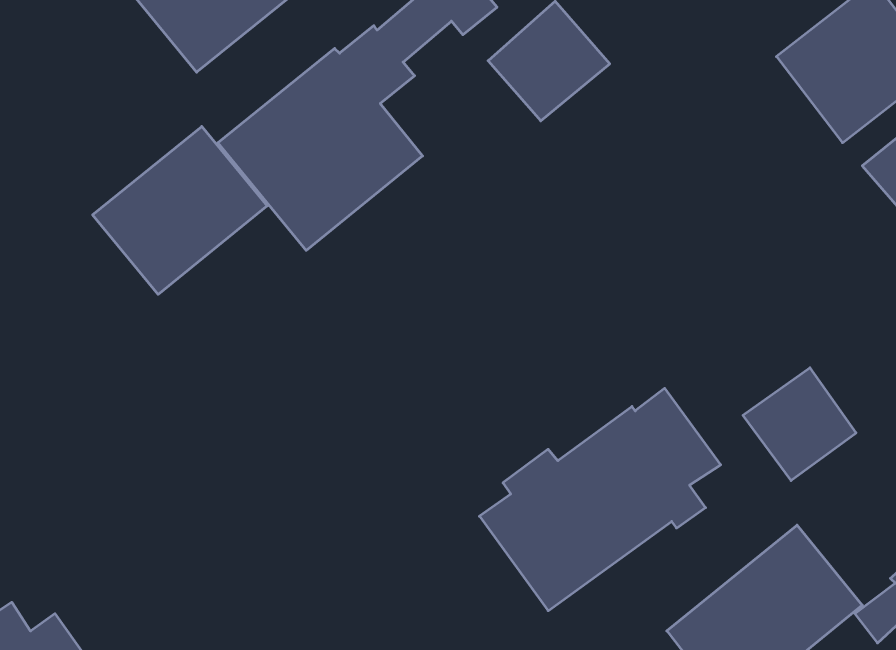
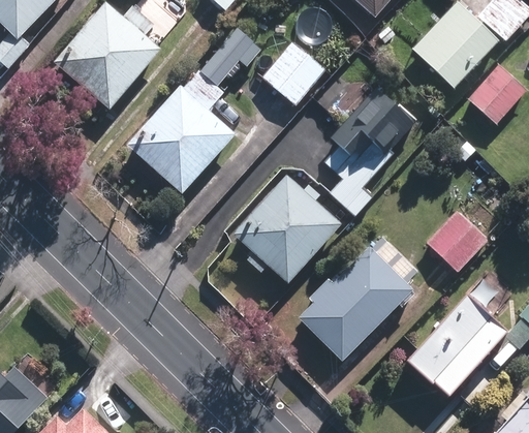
building: none -> [324,89,417,215]
building: [93,126,267,294] -> none
building: none -> [234,175,341,282]

